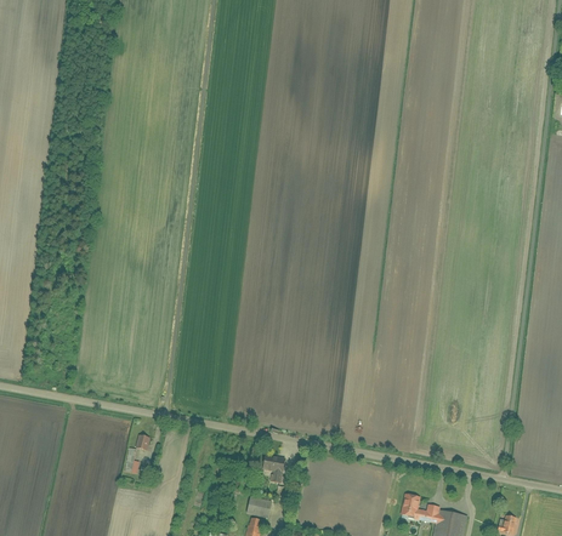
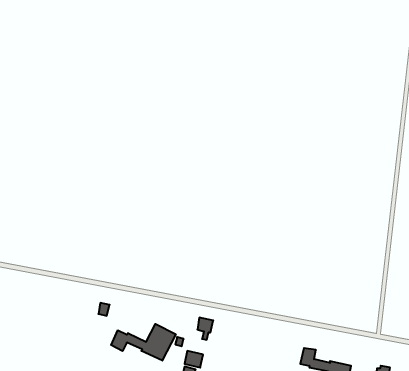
building: none -> [111,324,176,361]

